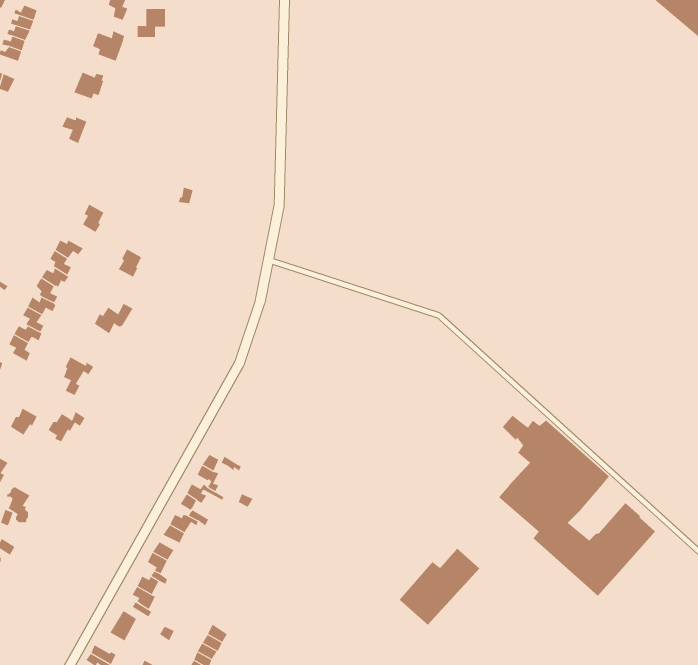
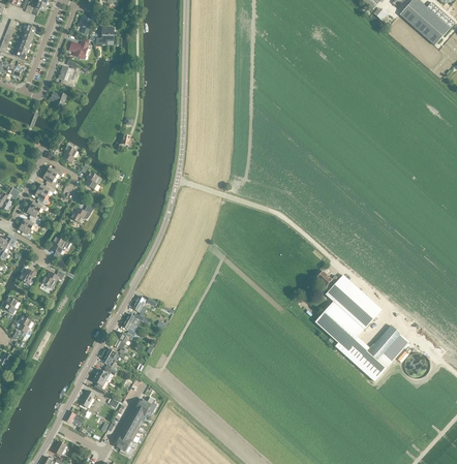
building: [399,548,480,625] -> none

